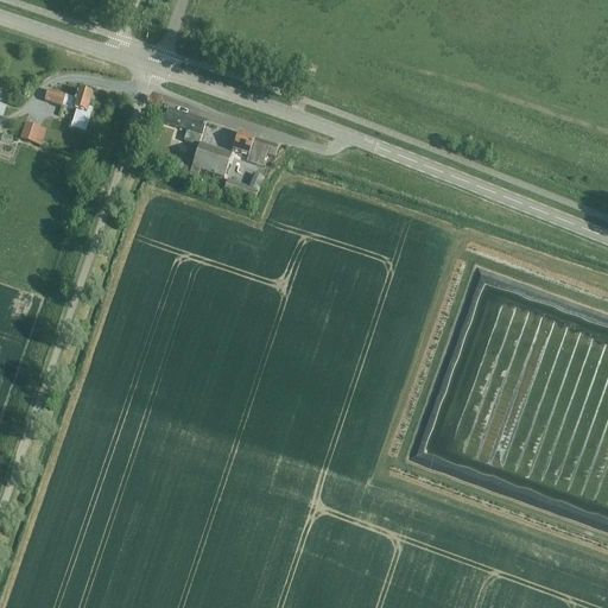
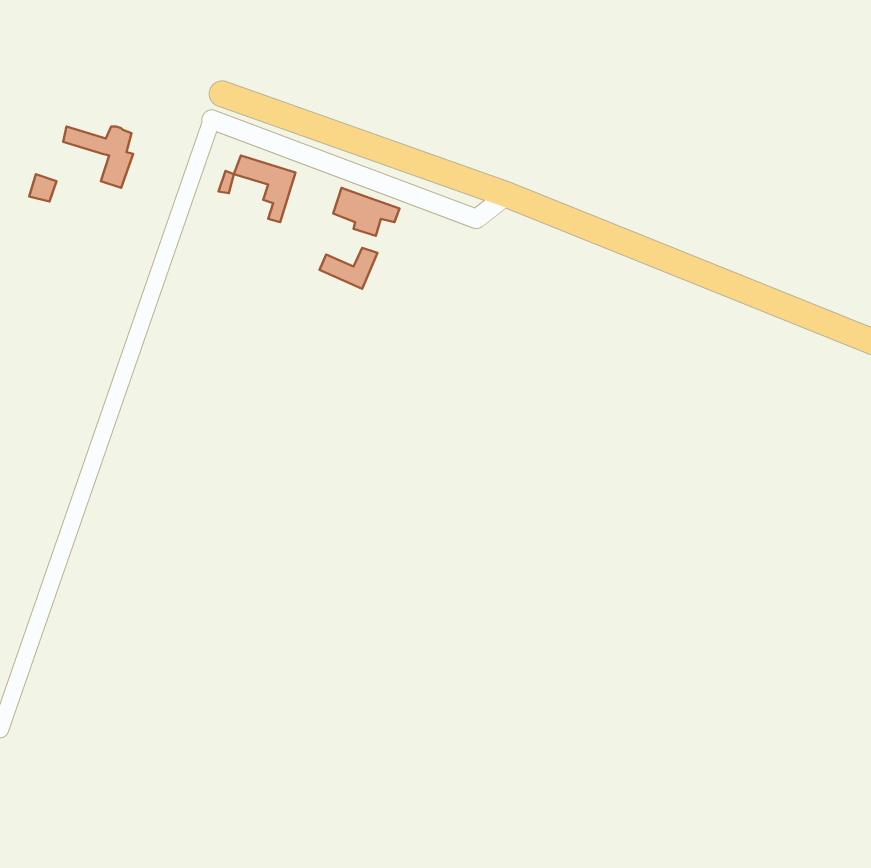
building: [189,144,232,182] -> none

